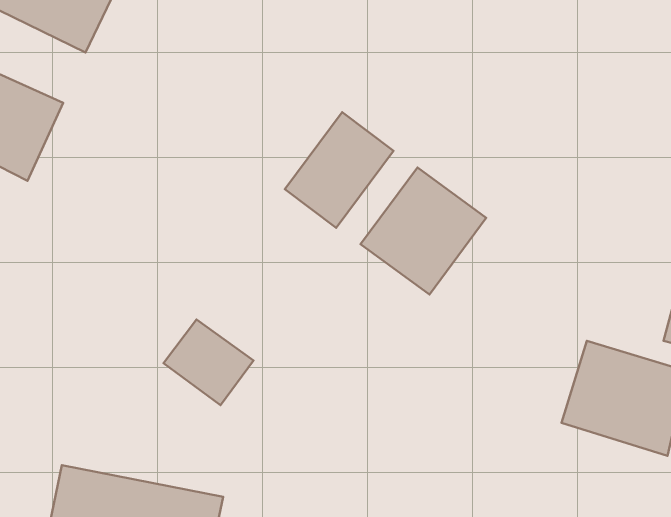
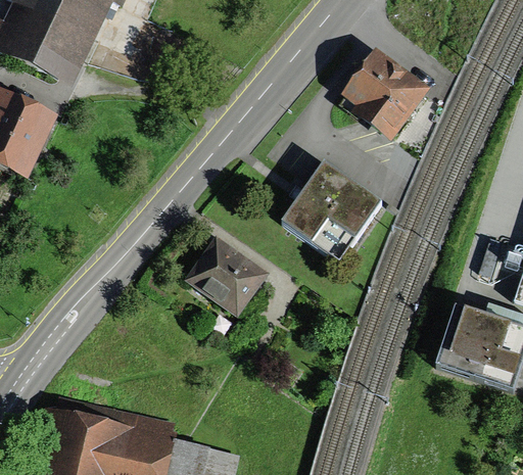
building: none -> [349,59,427,140]
building: [285,112,393,228] -> none
building: [164,319,253,405] -> [194,245,264,312]

